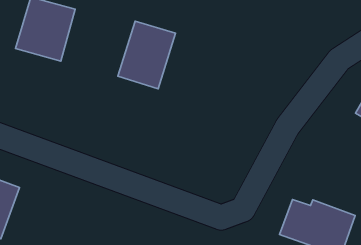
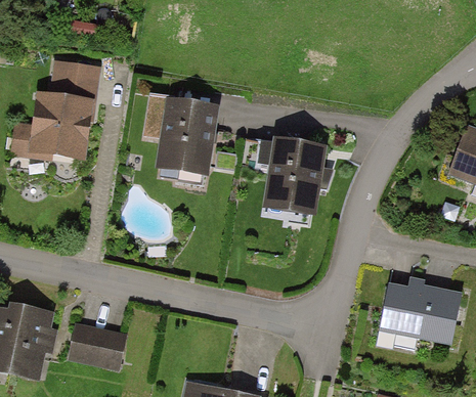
building: none -> [262,137,324,214]
building: none -> [72,325,129,370]

